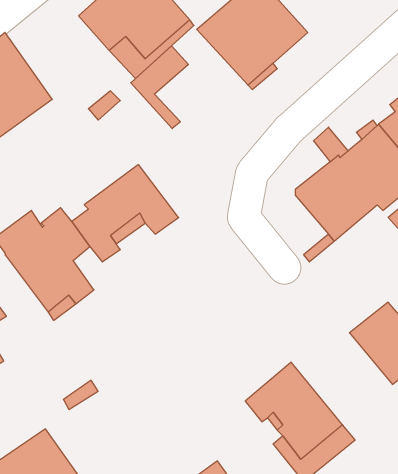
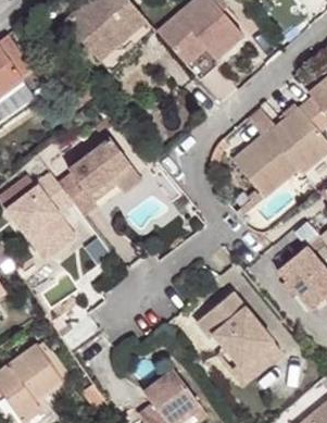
building: [131,46,188,129] -> none

